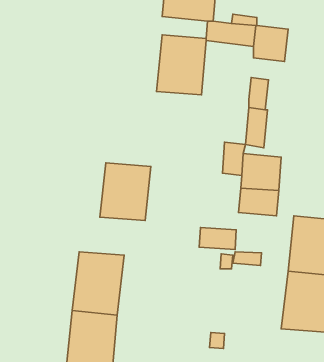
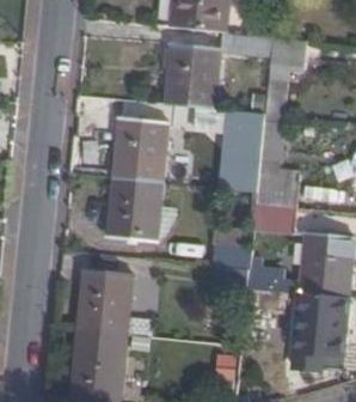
building: none -> [222,110,260,160]
building: none -> [112,118,165,183]

